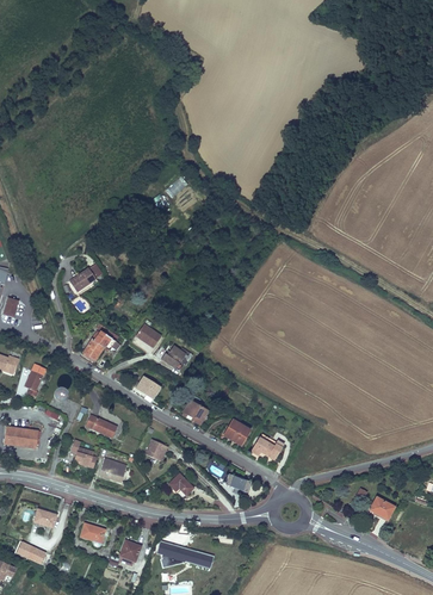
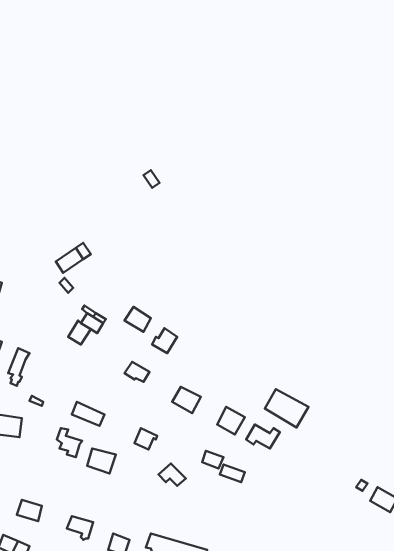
building: none -> [265,389,309,428]

